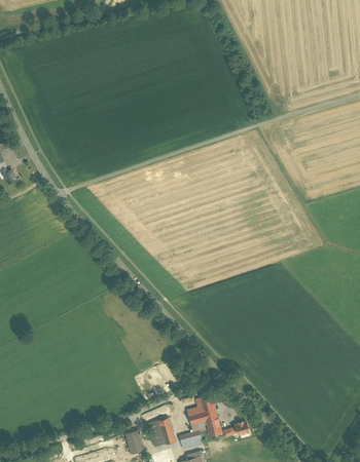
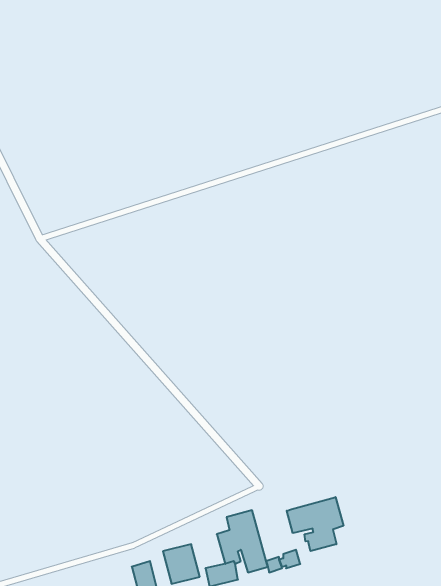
building: none -> [287,497,343,551]

